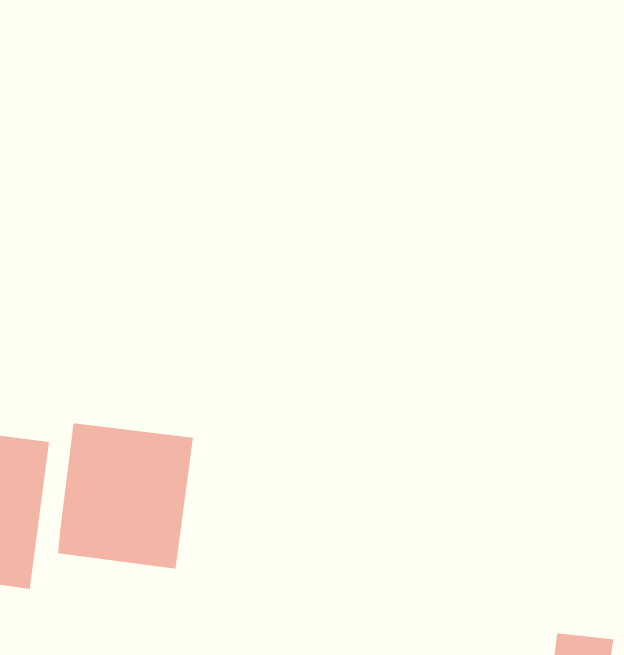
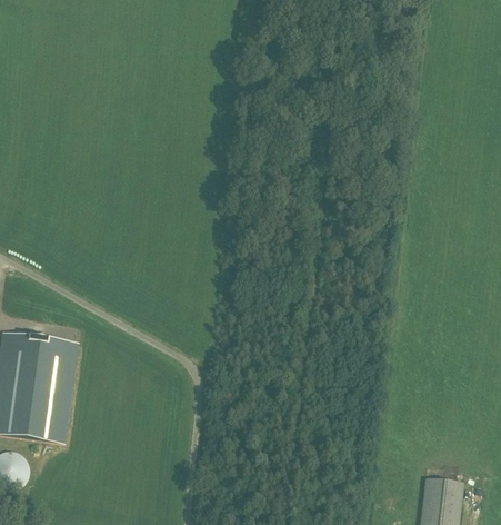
building: [57,423,194,569] -> none

